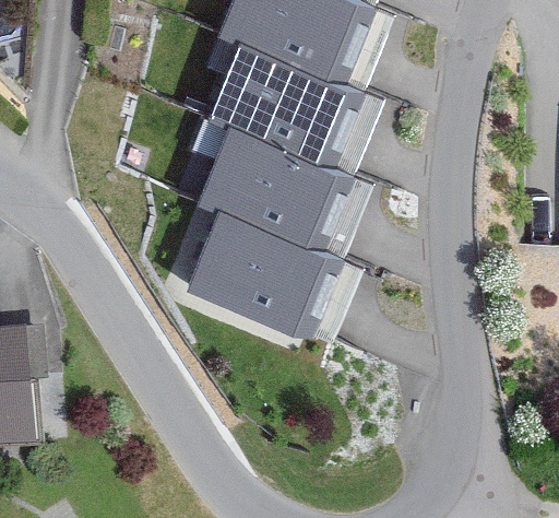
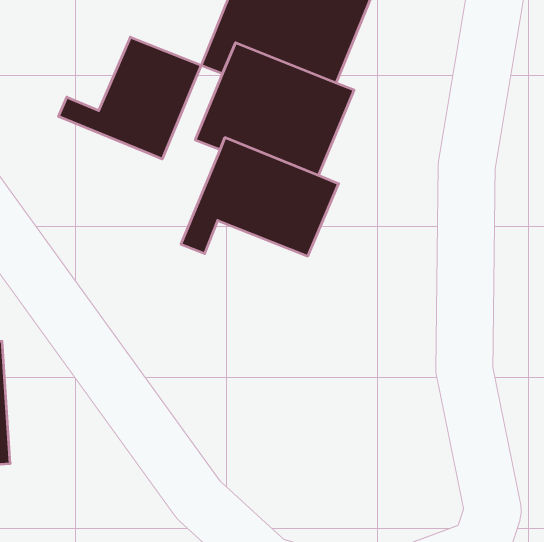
building: none -> [59,37,201,159]
building: [193,211,335,340] -> none

